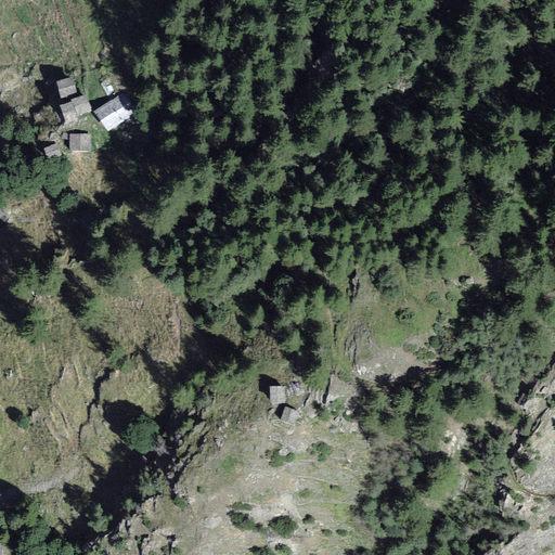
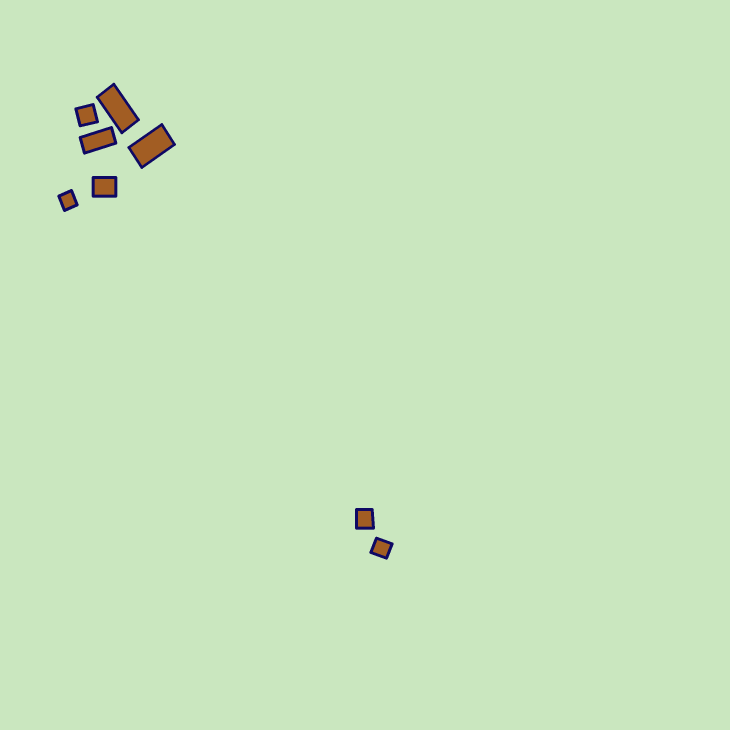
building: none -> [97,84,139,133]

